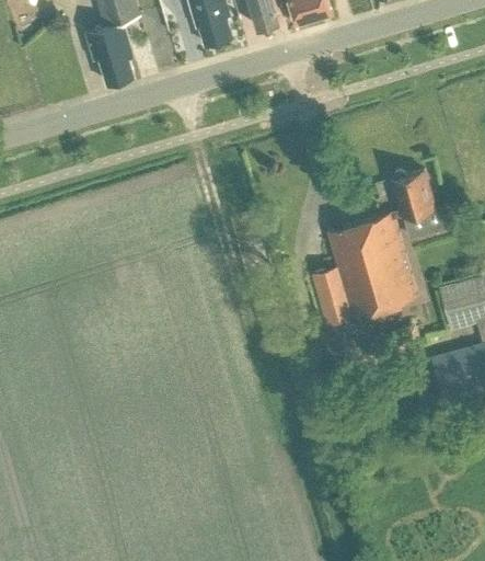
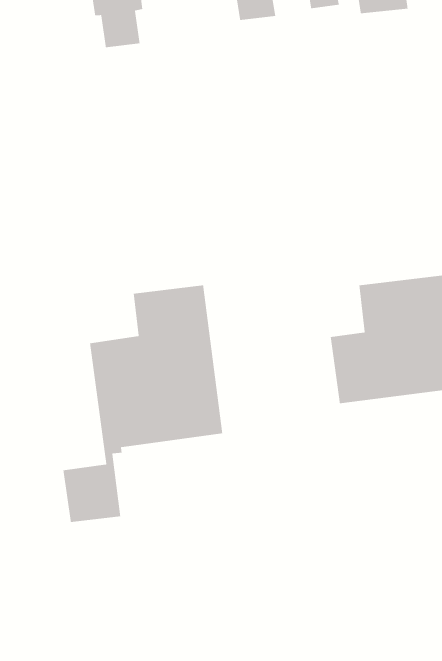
building: none -> [63,285,223,523]

